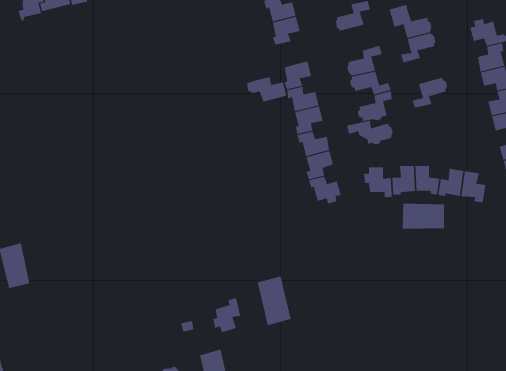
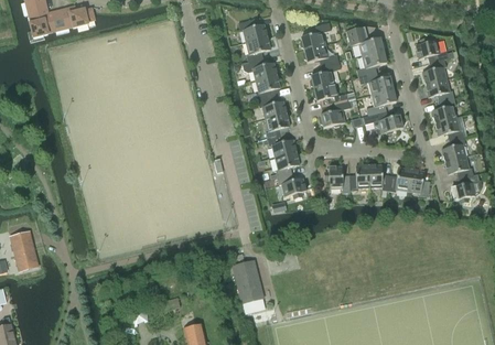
building: none -> [303,43,338,65]
building: none -> [358,72,394,94]
building: [246,77,287,102] -> [241,57,277,79]
building: [346,120,393,145] -> [363,111,403,132]
building: [402,203,444,229] -> none
building: [213,297,241,333] -> none

